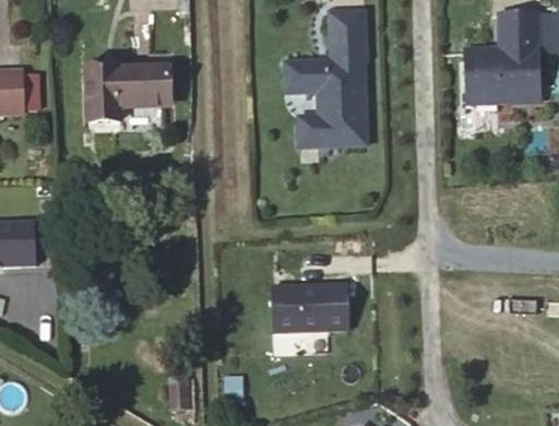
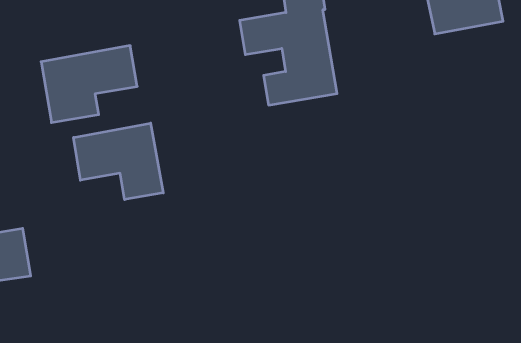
building: none -> [74,123,163,200]
building: [274,286,354,356] -> none

